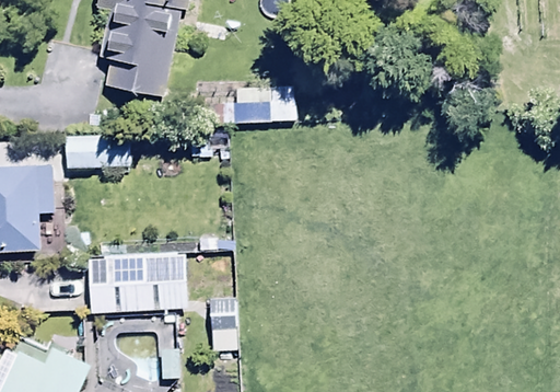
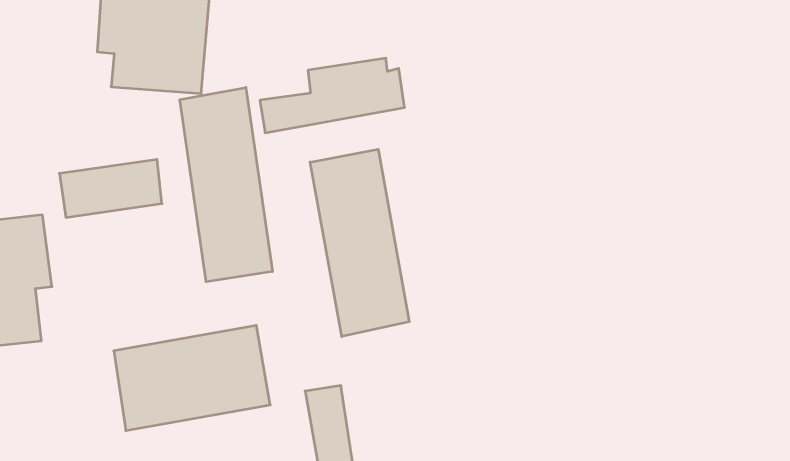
building: none -> [180,87,272,282]
building: none -> [310,149,409,337]

